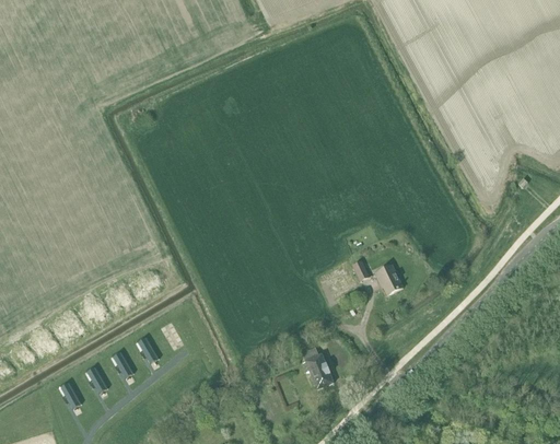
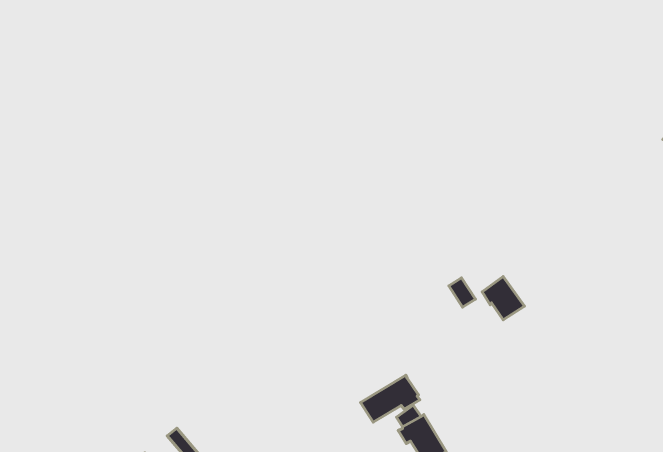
building: none -> [361,375,420,422]

